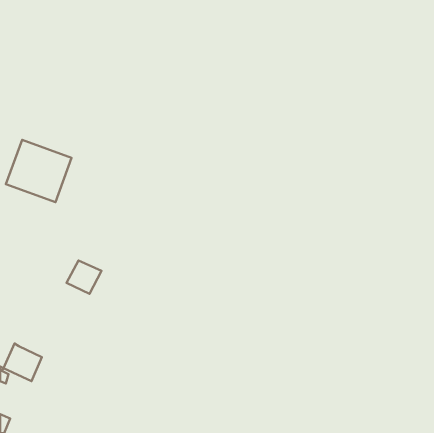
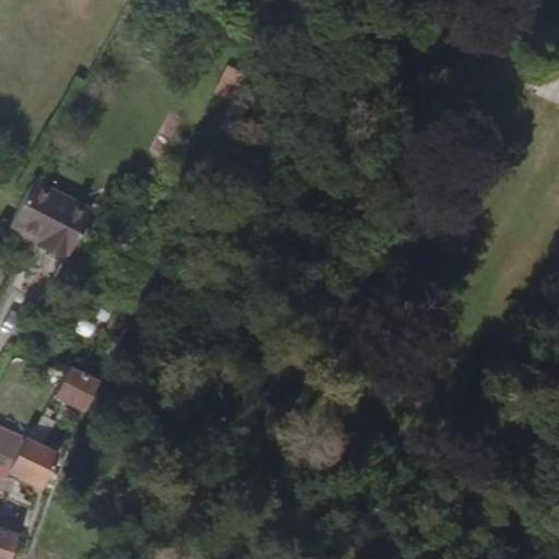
building: [67,261,102,294] -> [53,367,98,409]

